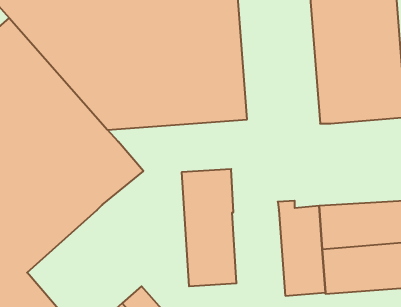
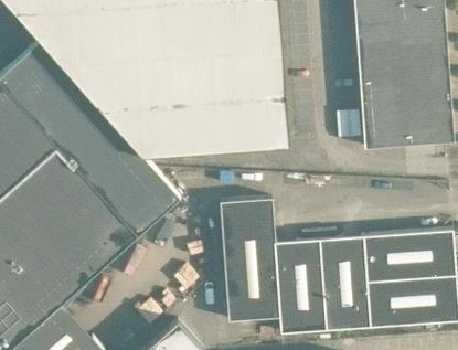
building: none -> [273,231,328,332]

